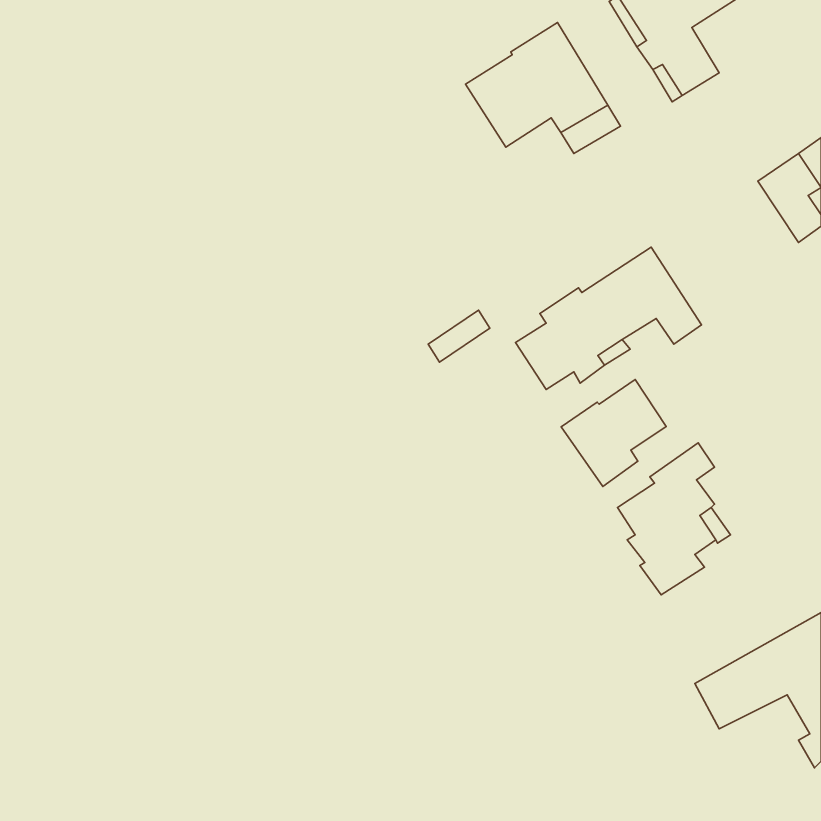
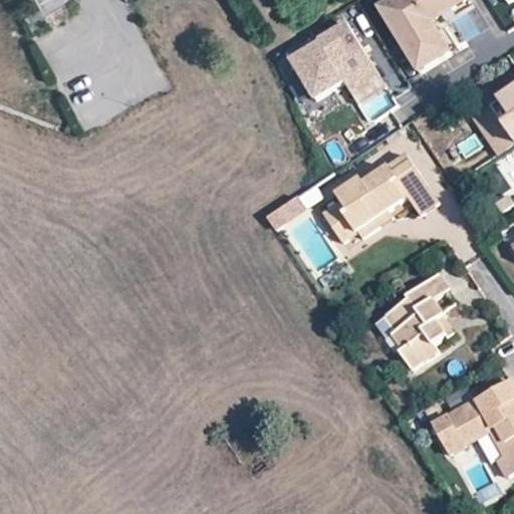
building: [561,379,666,486] -> none

